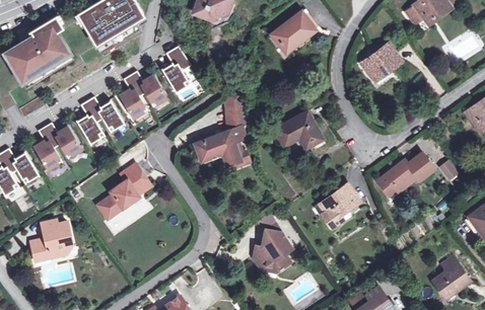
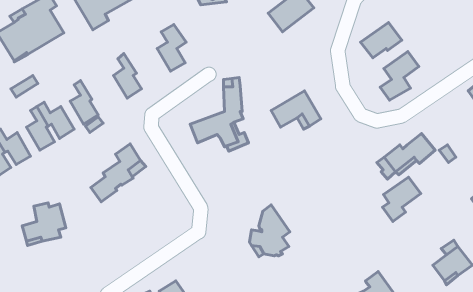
building: [130,71,166,105] -> none
building: none -> [380,51,419,100]
building: [87,96,124,131] -> none
building: [321,184,358,228] -> [383,177,421,222]

